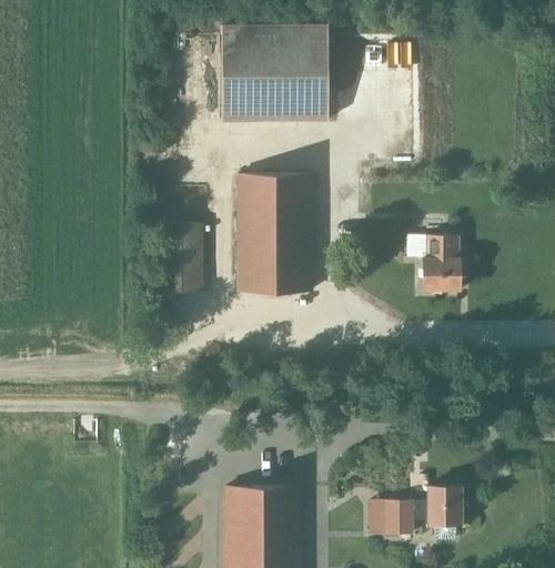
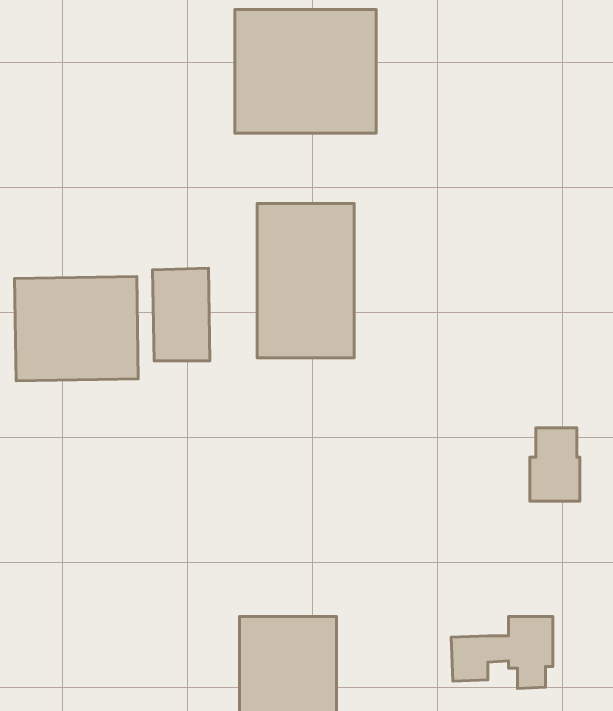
building: none -> [14,277,138,381]
building: [422,234,460,290] -> [530,428,580,501]

